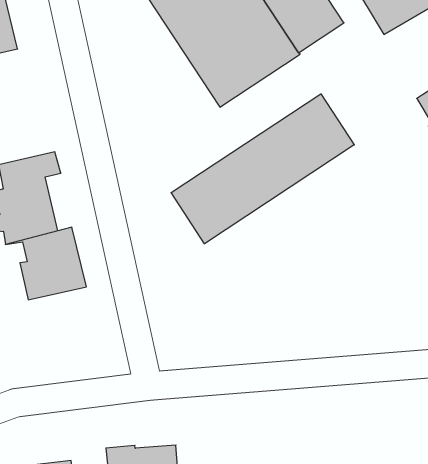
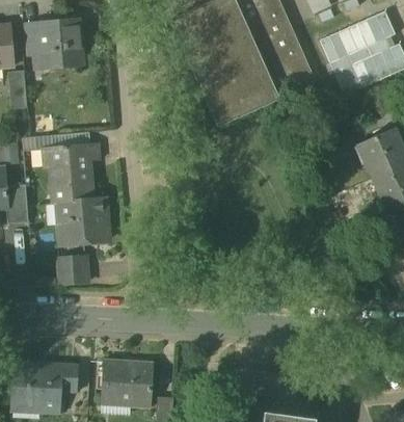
building: [171,94,354,244] -> none
building: none -> [58,255,86,283]

